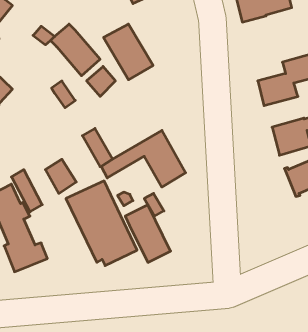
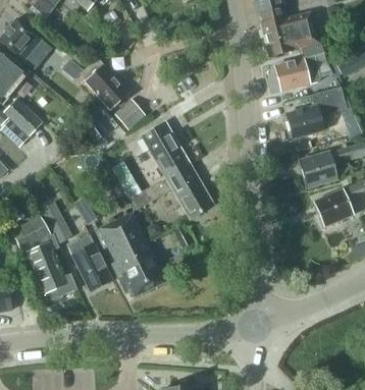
building: none -> [272,43,326,92]
building: [104,24,153,80] -> [141,122,190,177]
building: [125,205,171,262] -> [67,234,112,291]

